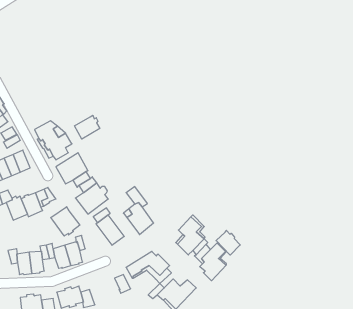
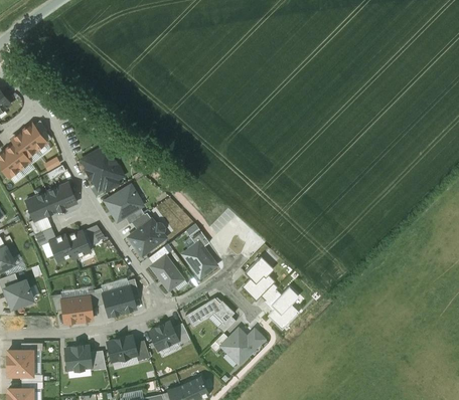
building: [75,115,100,139] -> none
building: [51,207,80,236] -> none
building: [216,230,240,255] -> none
building: none -> [149,322,178,350]

